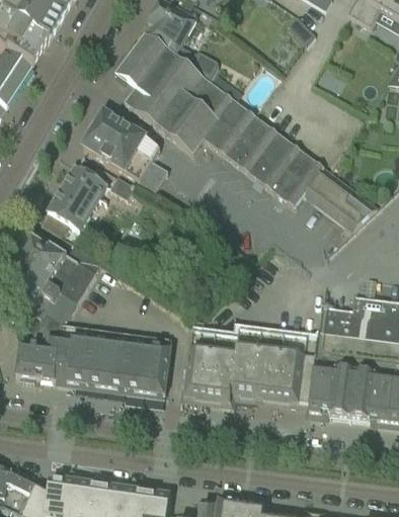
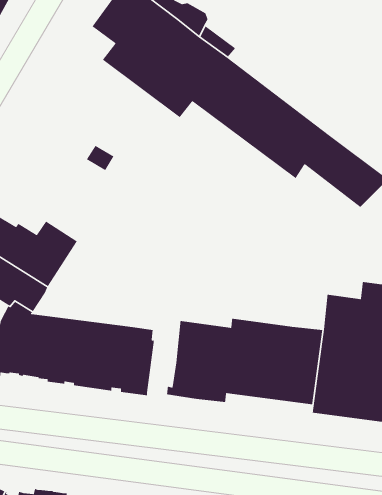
building: [82,112,167,195] -> none
building: [41,161,107,238] -> none

